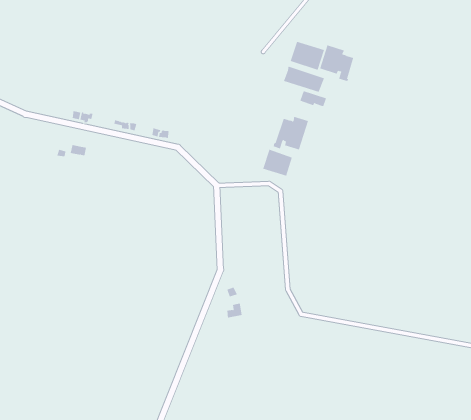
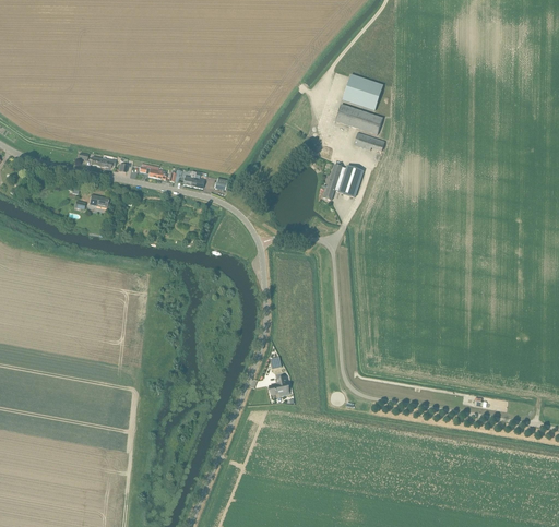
building: [320,45,354,82] -> none
building: [263,149,292,176] -> none

